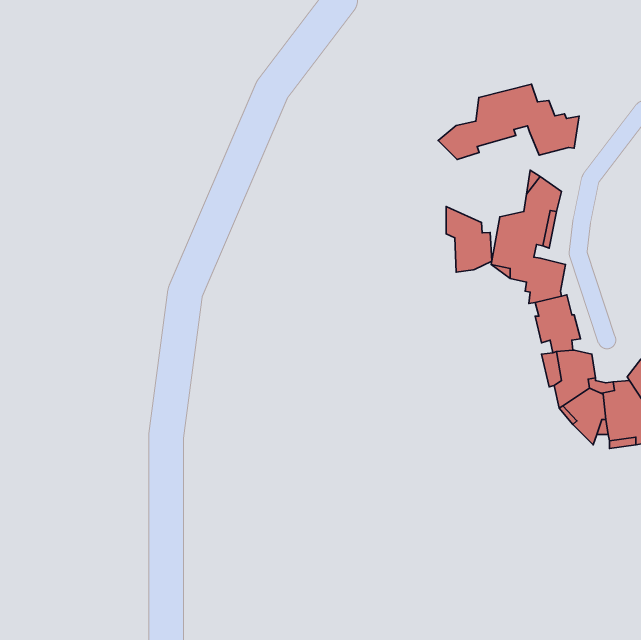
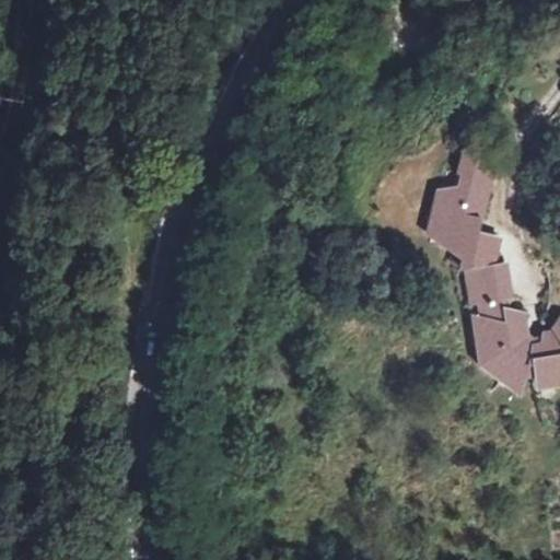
building: [438,84,579,159] -> none
building: [446,207,492,272] -> none

